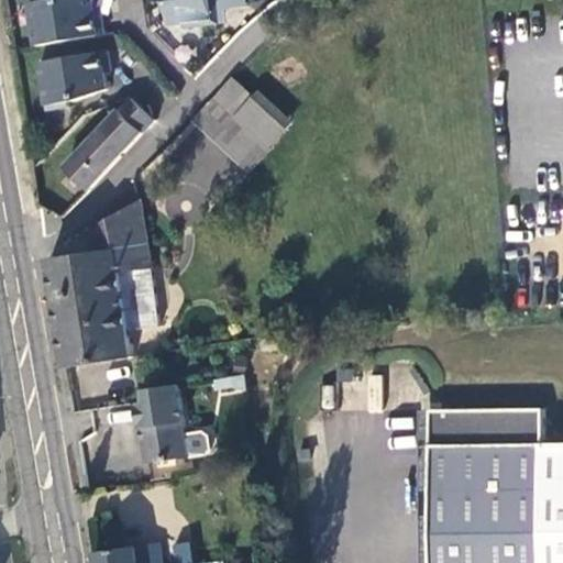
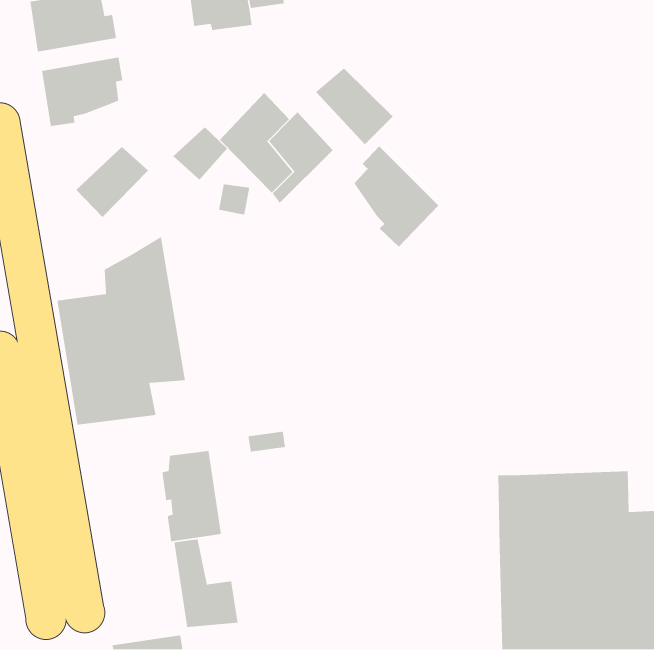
building: none -> [315,67,393,145]
building: [106,100,153,146] -> [173,127,228,181]
building: none -> [353,146,439,248]
building: none -> [174,539,239,628]

